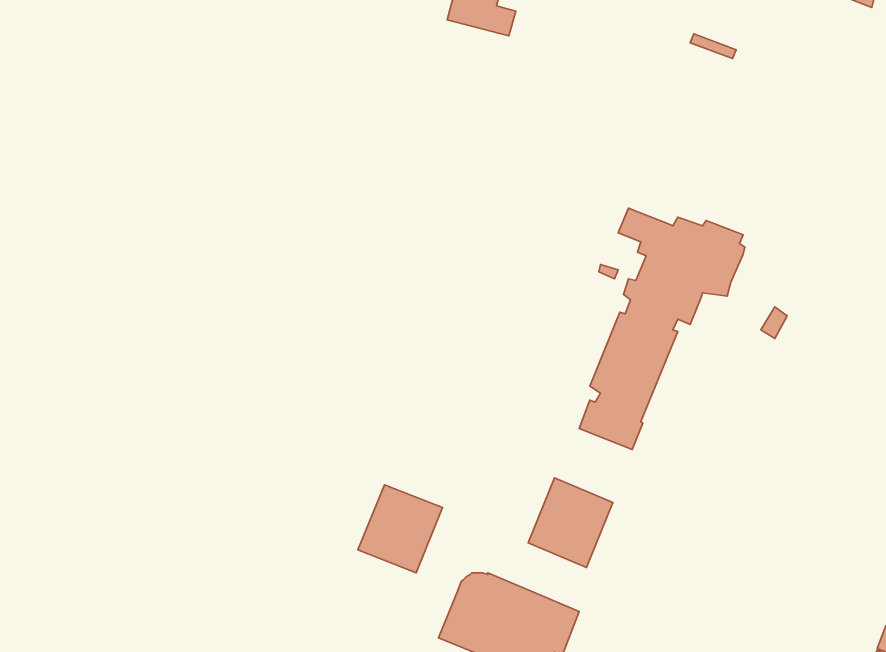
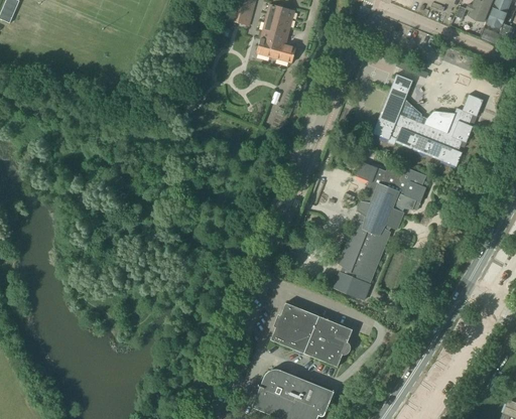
building: none -> [374,74,484,167]
building: [358,485,443,573] -> [271,302,319,353]

